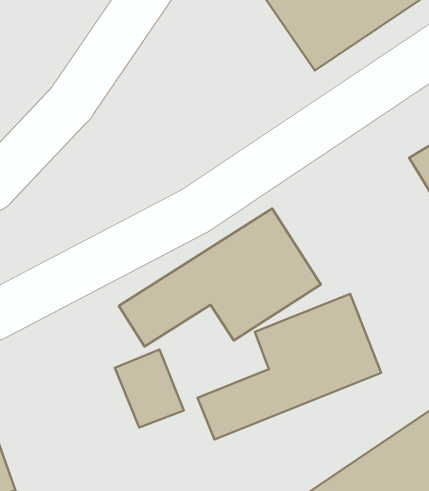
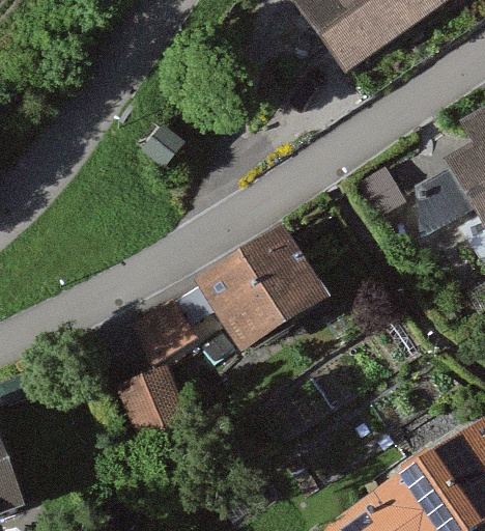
building: [197,294,381,440] -> none

